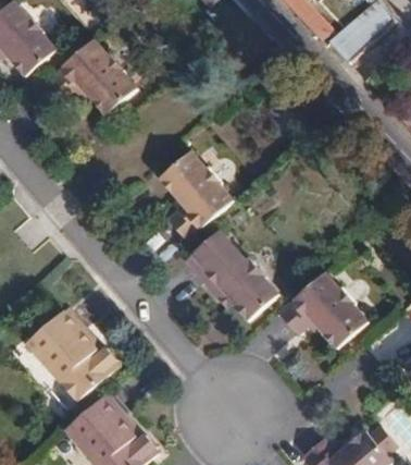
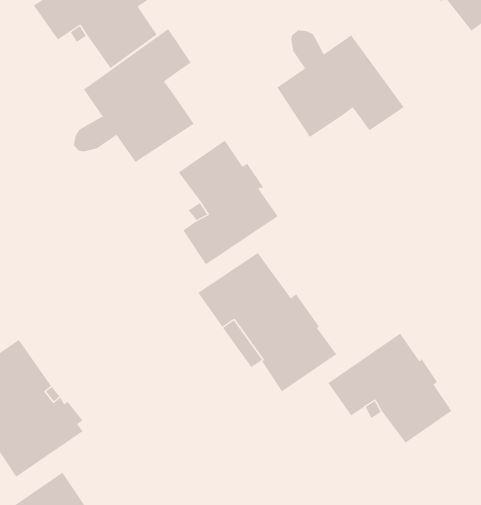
building: none -> [277,30,404,138]
building: none -> [73,28,194,163]

